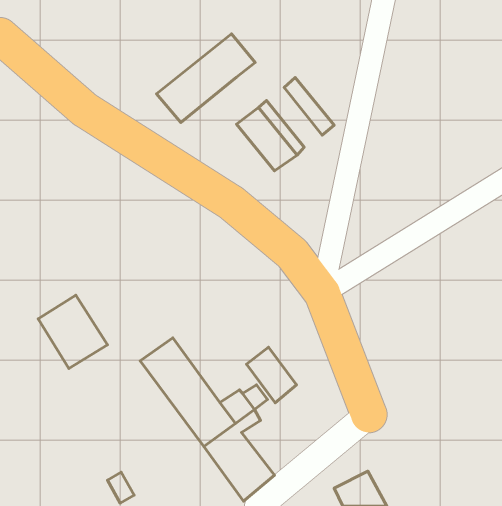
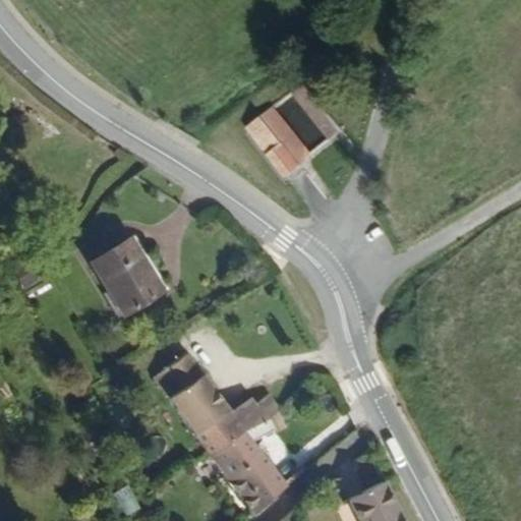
building: [156,34,255,123] -> none
building: [38,295,108,369] -> [91,240,162,315]
building: [247,347,297,403] -> none

